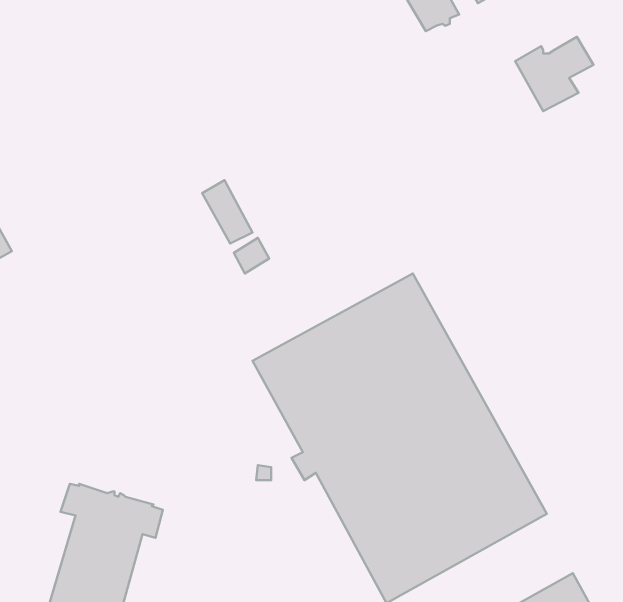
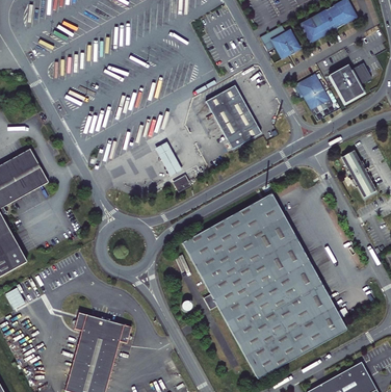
building: none -> [295,74,330,114]
building: none -> [205,85,261,150]
building: none -> [338,148,375,199]

